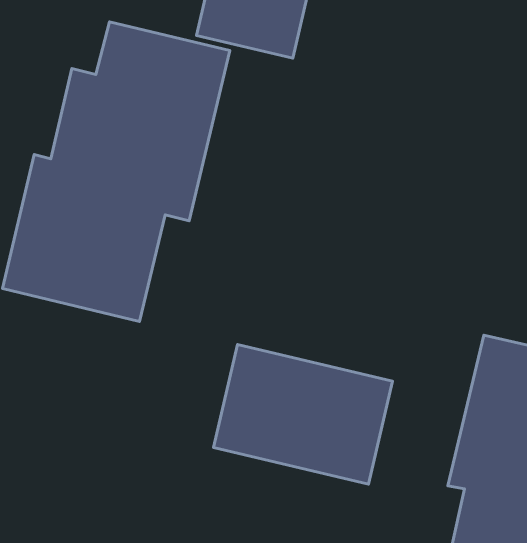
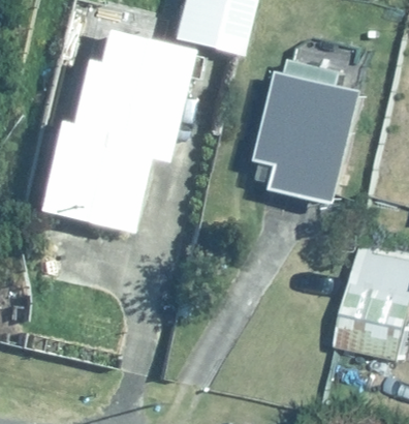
building: none -> [257,57,364,203]
building: [214,345,392,484] -> none

